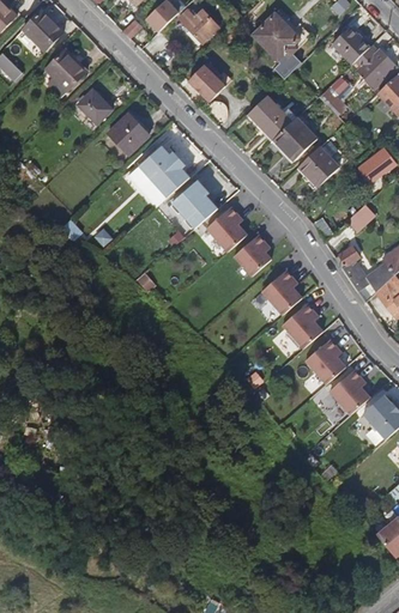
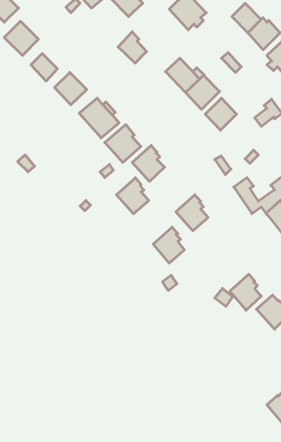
building: [234,233,274,279] -> [116,178,149,214]
building: [283,302,322,347] -> [153,227,184,263]
building: [304,339,345,383] -> none

